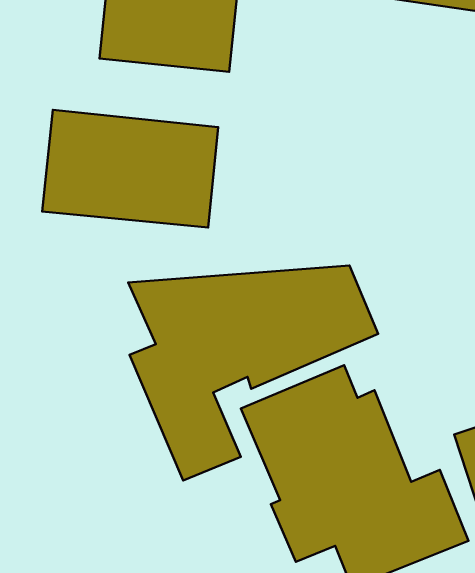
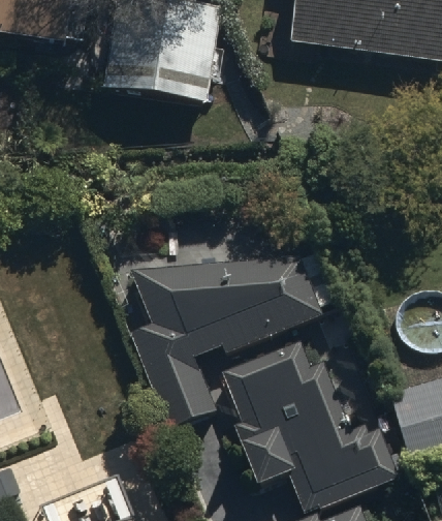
building: [42,110,218,228] -> none

